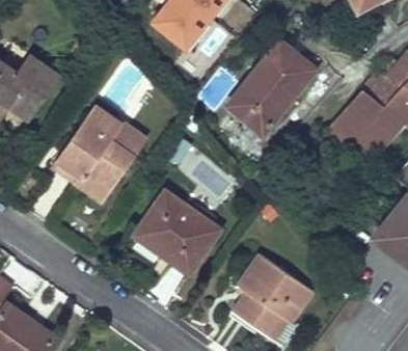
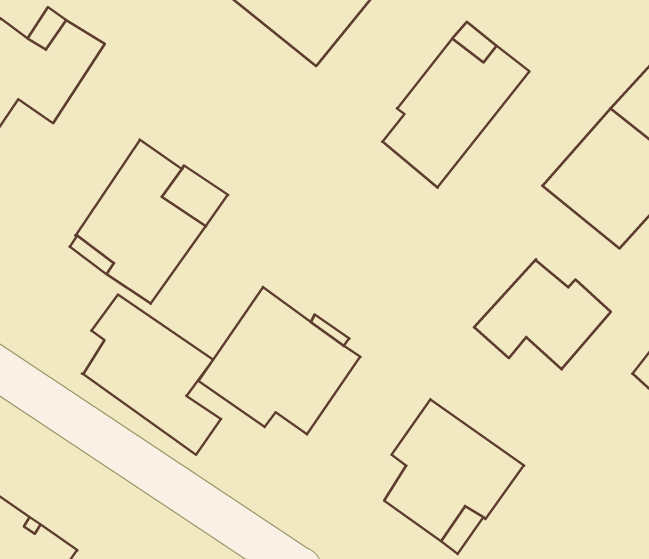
building: none -> [474,259,611,369]
building: none -> [82,295,221,455]

